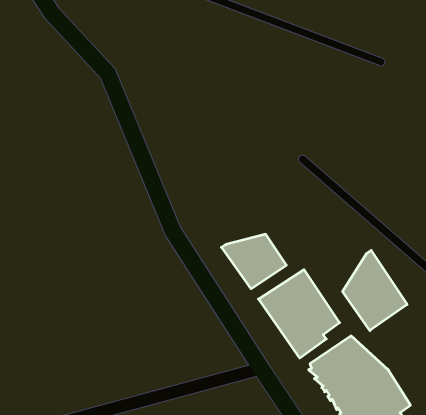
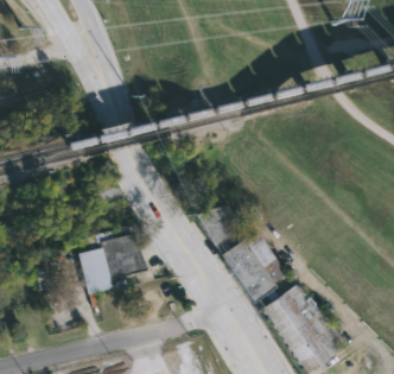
building: [343,250,407,331] -> none
building: none -> [78,232,148,293]

